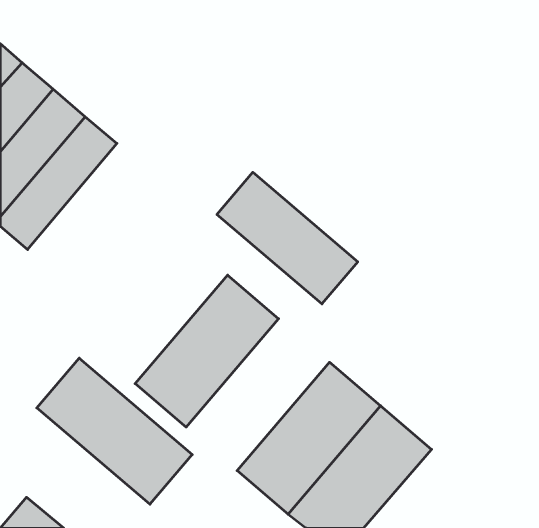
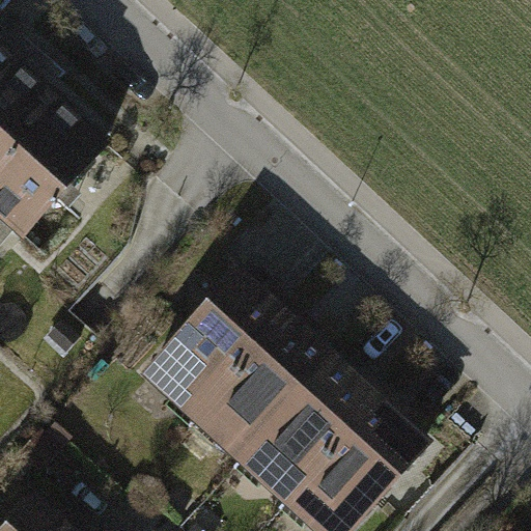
building: [217,172,358,304] -> none
building: none -> [186,311,326,459]
building: [37,358,192,504] -> none

